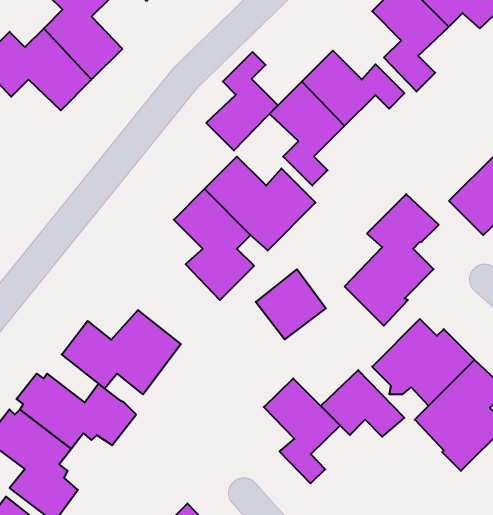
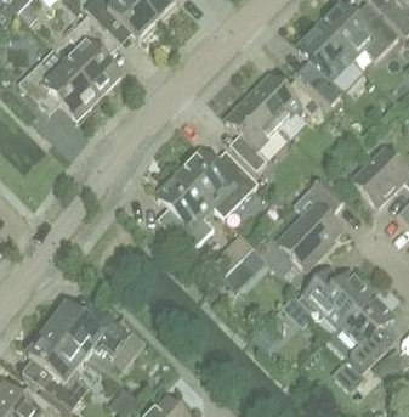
building: [206,52,278,151] -> none
building: [62,310,181,394] -> none
building: [264,378,340,483] -> none

